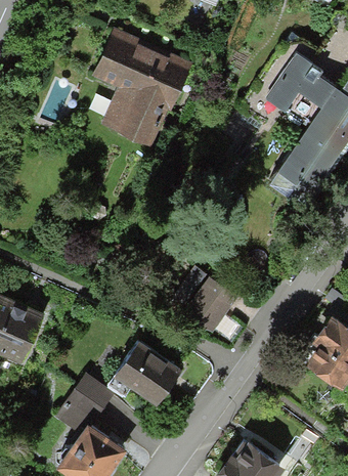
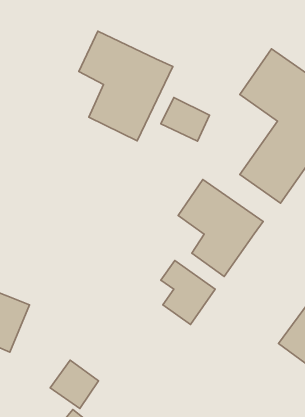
building: none -> [161,97,210,141]
building: none -> [178,179,263,276]
building: [113,343,177,403] -> none

